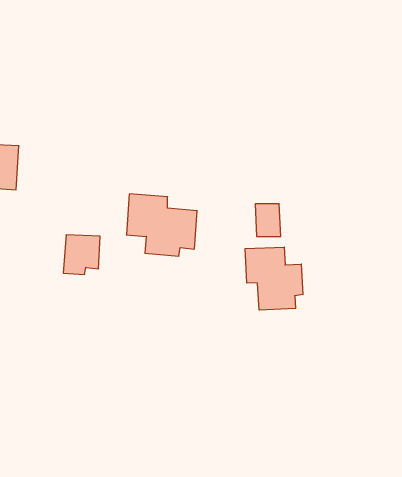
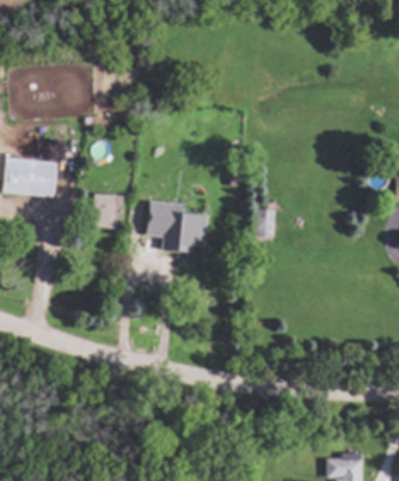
building: [63,235,100,274] -> [93,193,124,226]
building: [245,247,303,310] -> none

